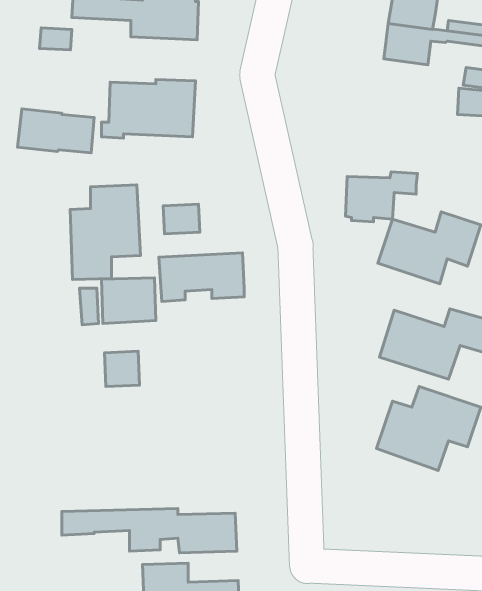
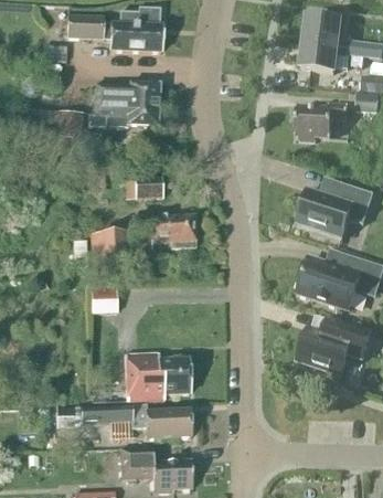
building: [346,172,418,222] -> [295,103,349,140]
building: [70,185,140,280] -> none
building: none -> [127,353,189,400]

